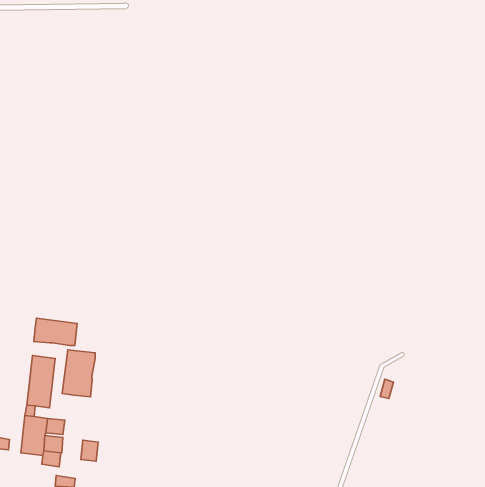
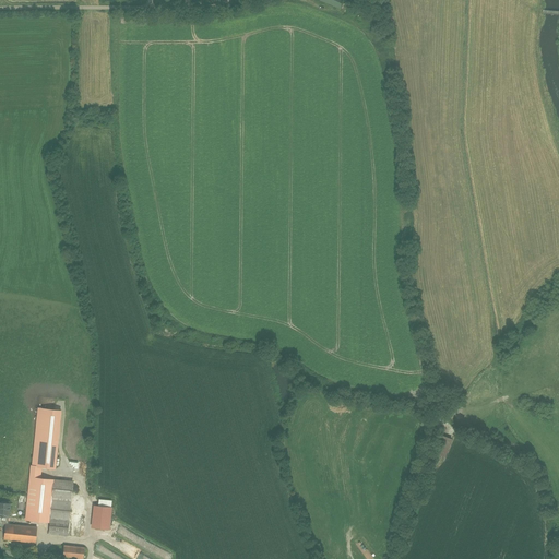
building: [34,318,77,346] -> none
building: [62,350,95,397] -> none
building: none -> [4,524,38,544]

